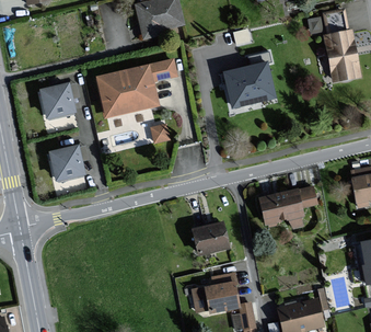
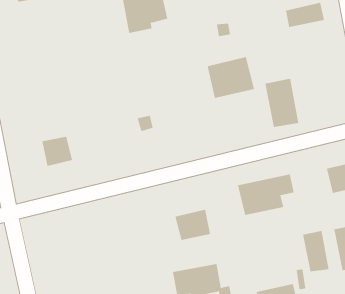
building: [325,28,361,80] -> [265,78,299,127]
building: [101,60,175,113] -> none
building: [43,82,76,115] -> none
building: none -> [302,230,329,272]

